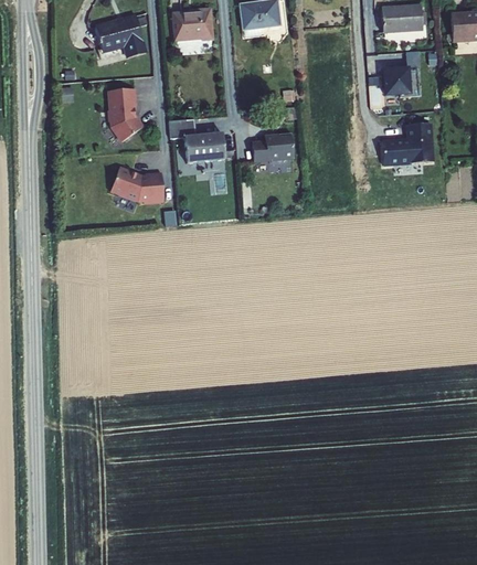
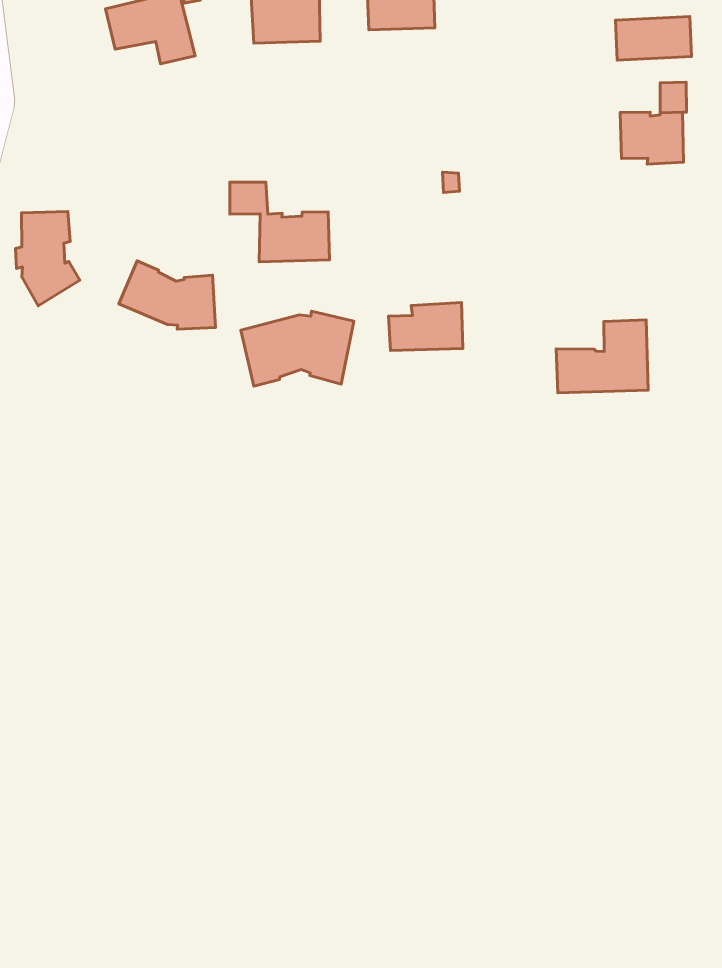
building: [107,87,144,140] -> [16,211,80,306]
building: [380,121,432,164] -> [556,320,648,393]
building: [253,132,295,161] -> [389,302,463,350]
building: none -> [241,311,354,386]

